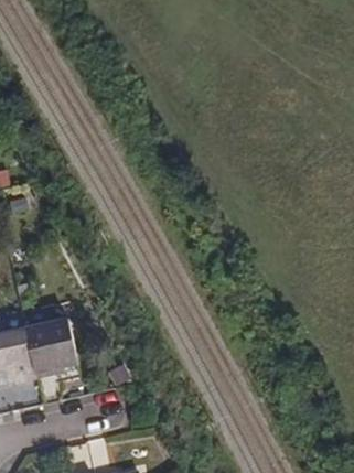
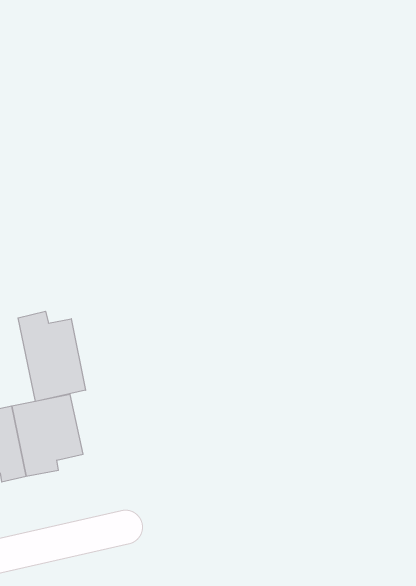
building: none -> [18,311,86,401]

